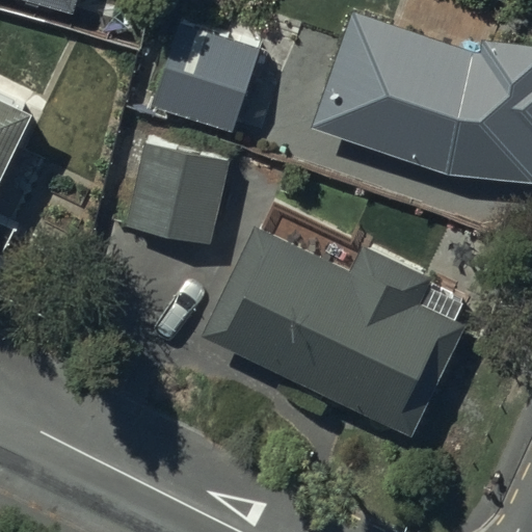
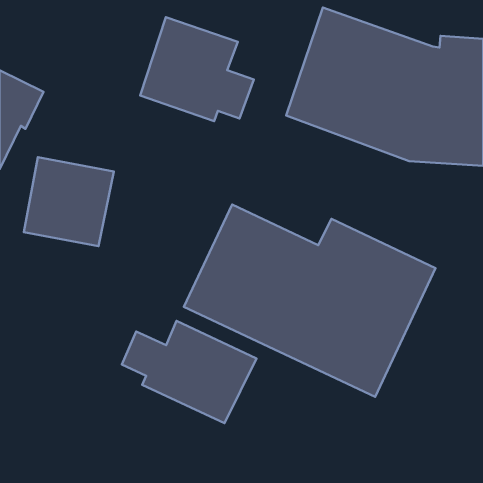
building: [127,147,225,244] -> [24,157,114,246]
building: none -> [122,321,256,423]

